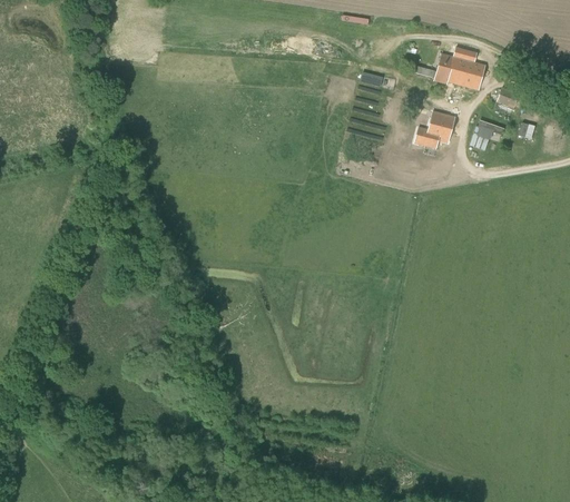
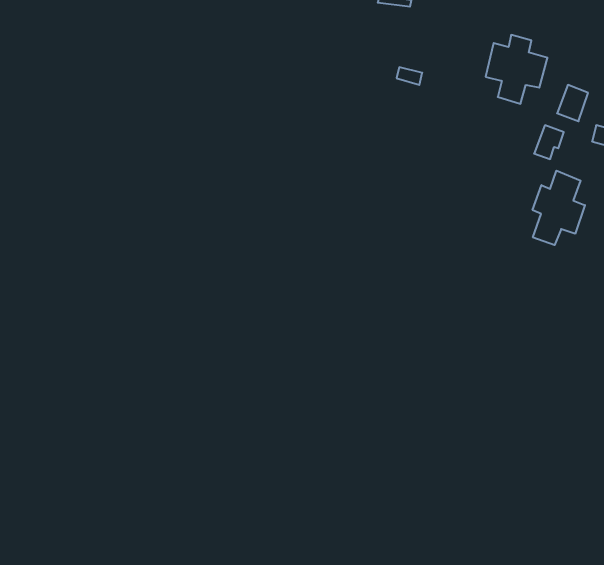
building: [426,110,455,141] -> none
building: none -> [533,171,585,245]

